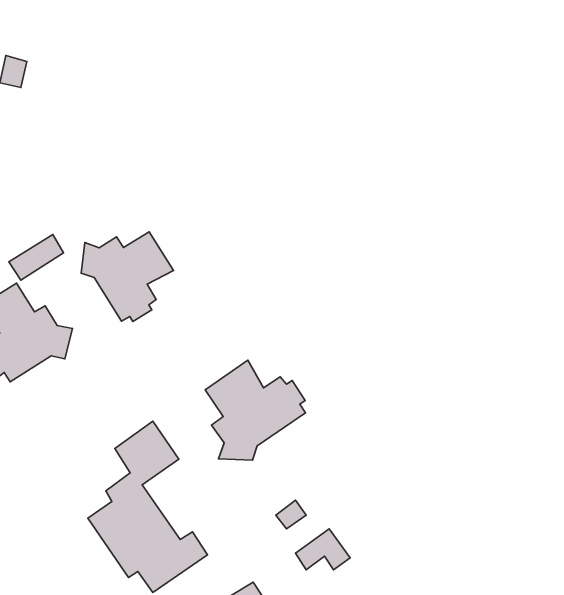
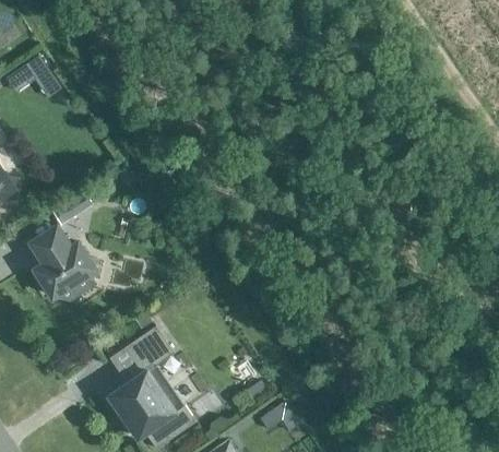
building: [81,232,174,321] -> none
building: [205,360,305,460] -> none

